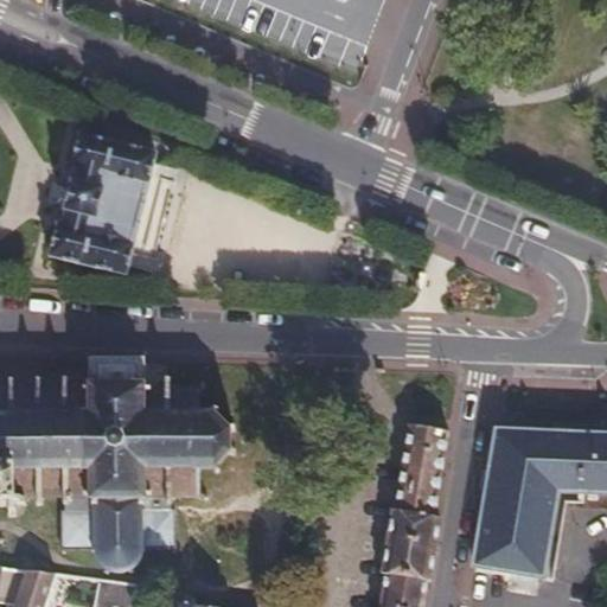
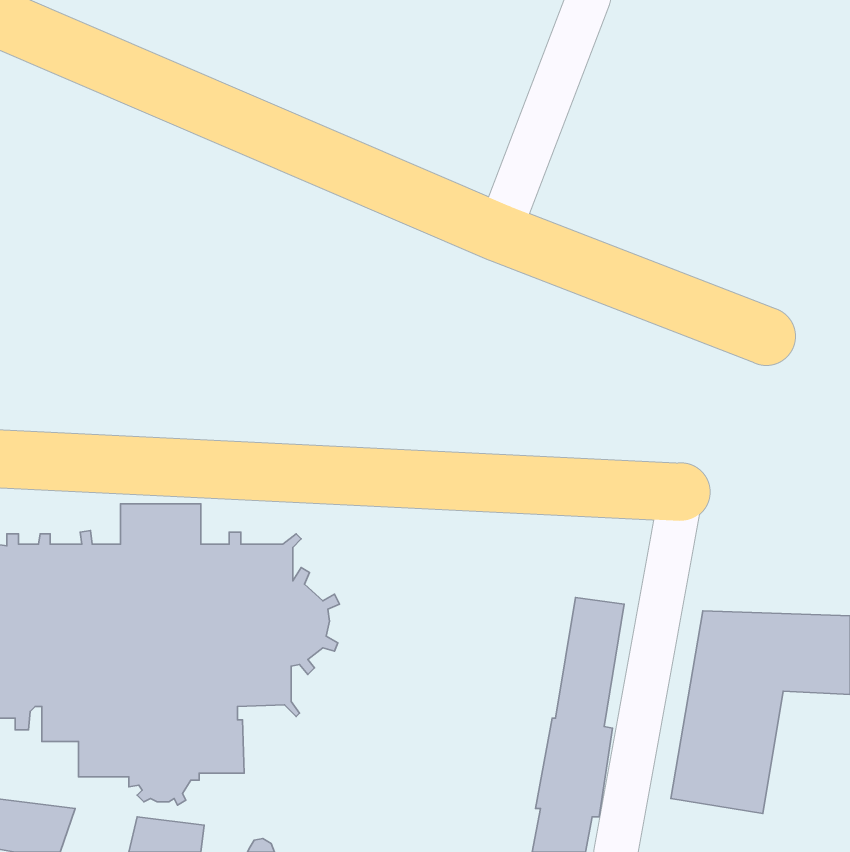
building: [45,134,154,276] -> none

